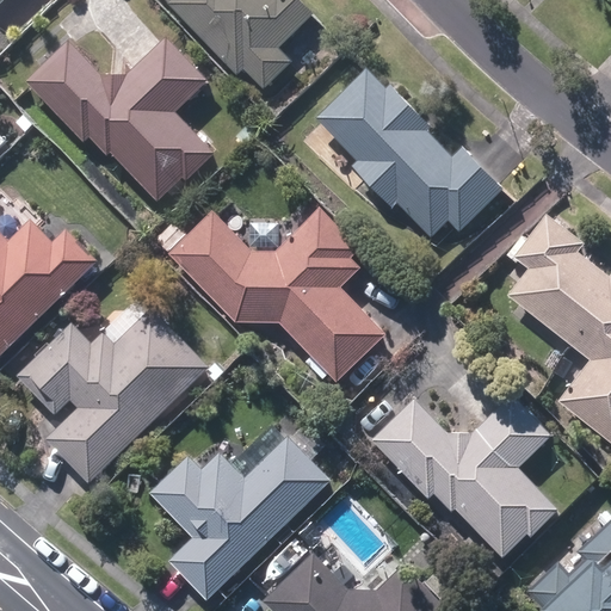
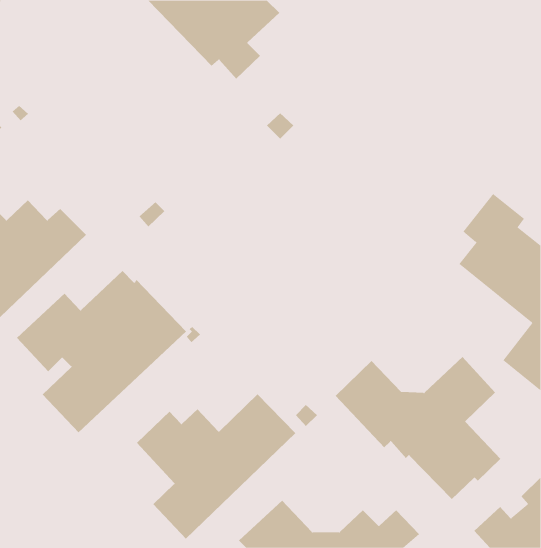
building: [26,41,214,200] -> none
building: [316,70,501,236] -> none
building: [168,210,387,383] -> none

